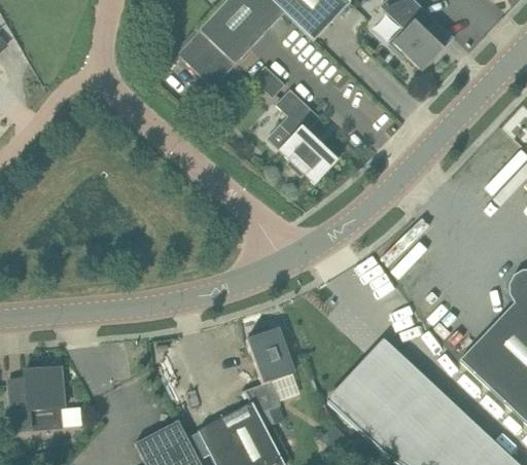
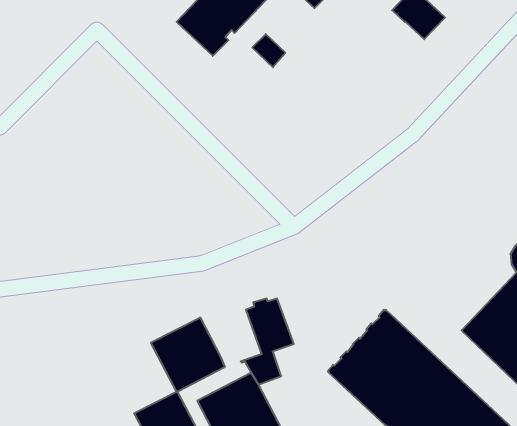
building: [276,88,338,183] -> none
building: none -> [151,317,225,392]
building: [8,363,64,430] -> none

